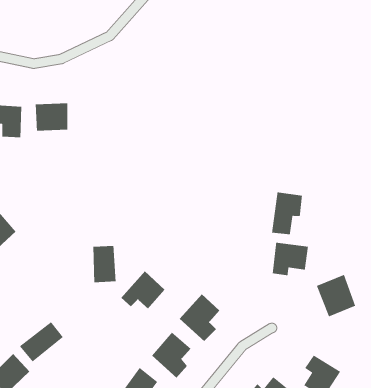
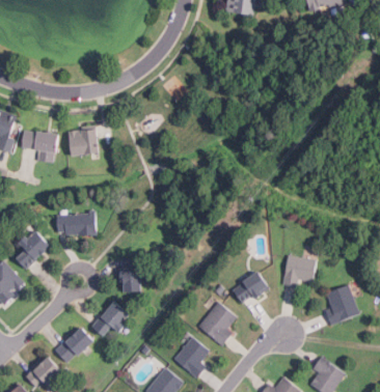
building: [271,192,303,235] -> none
building: none -> [56,213,94,235]
building: none -> [232,272,269,306]
building: [121,270,165,309] -> [91,300,132,335]

